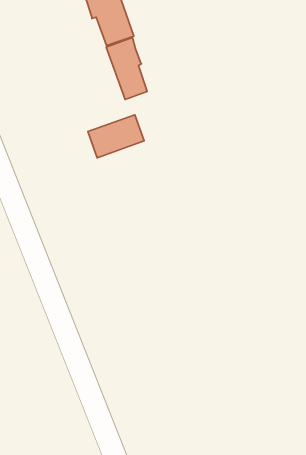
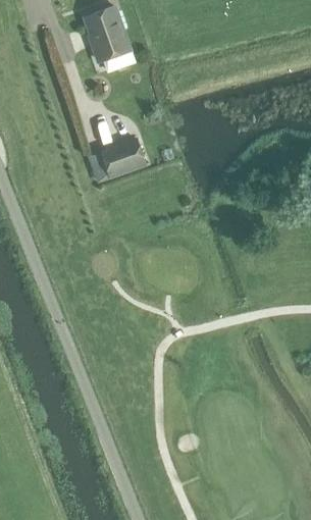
building: [106,38,147,100] -> none

